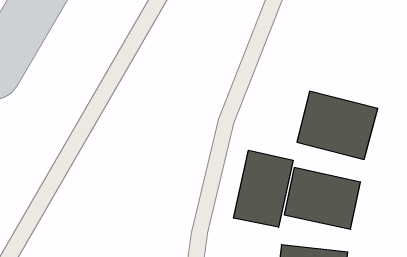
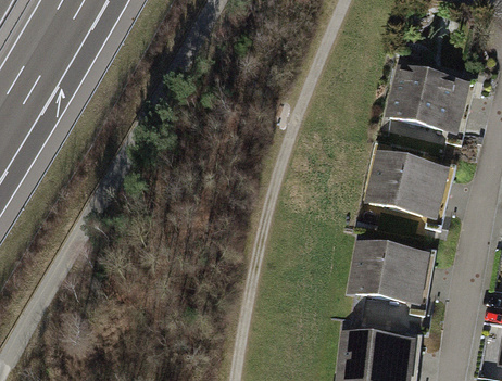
building: none -> [385,62,476,138]
building: [233,150,293,227] -> none

